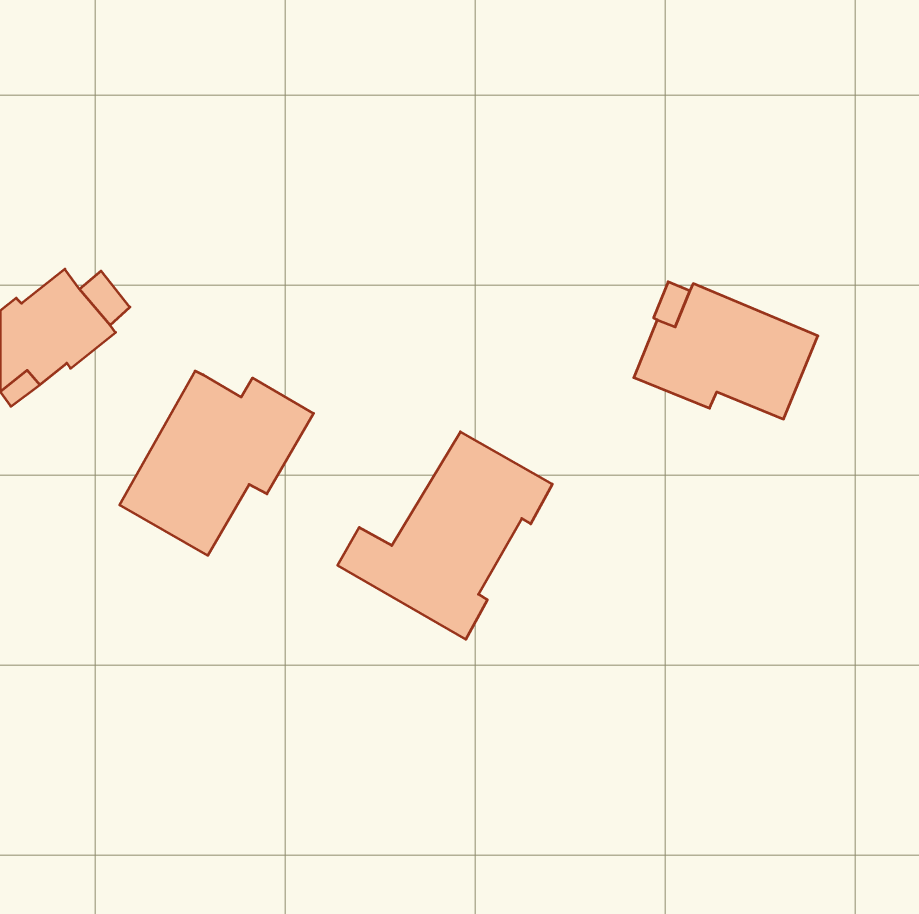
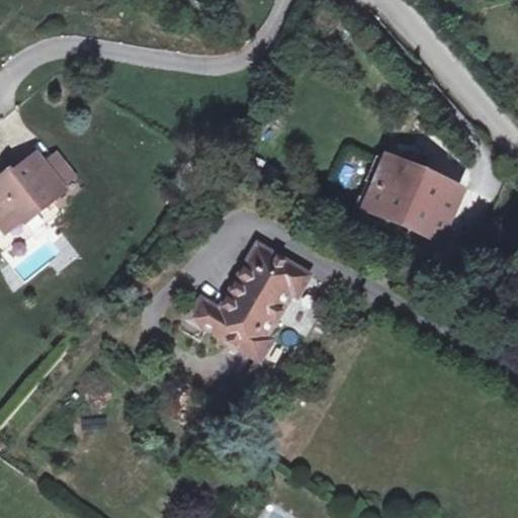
building: [120,371,314,555] -> none

